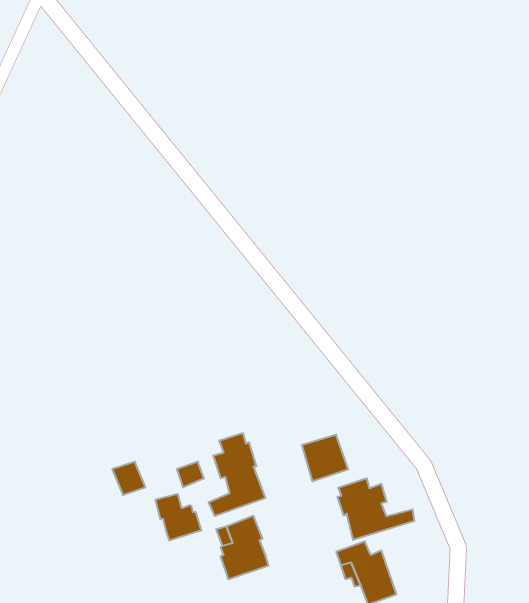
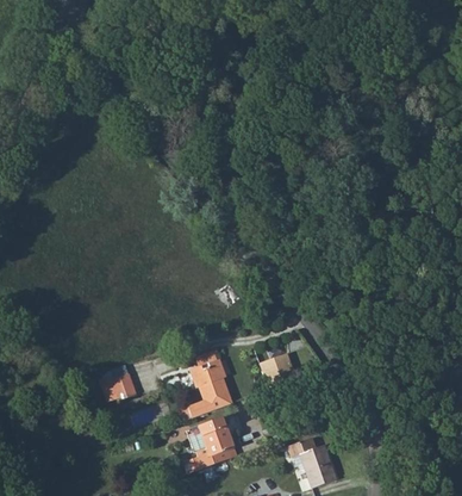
building: [338,478,414,540] -> none
building: [155,494,201,541] -> none

